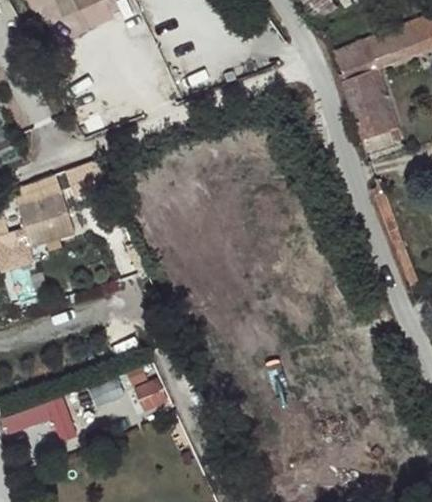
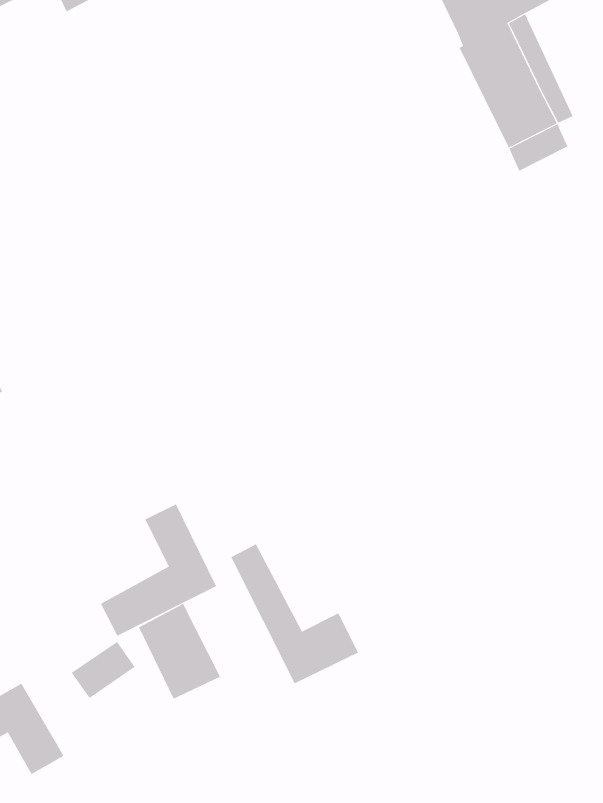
building: none -> [100,503,217,636]
building: none -> [231,544,359,684]

